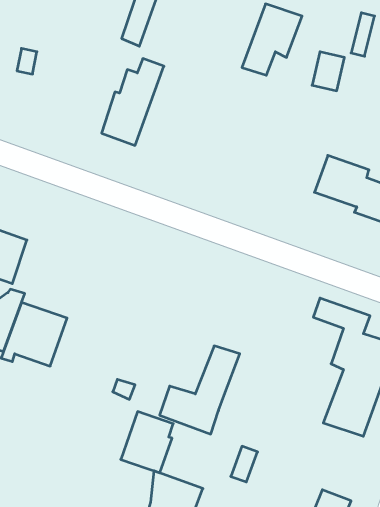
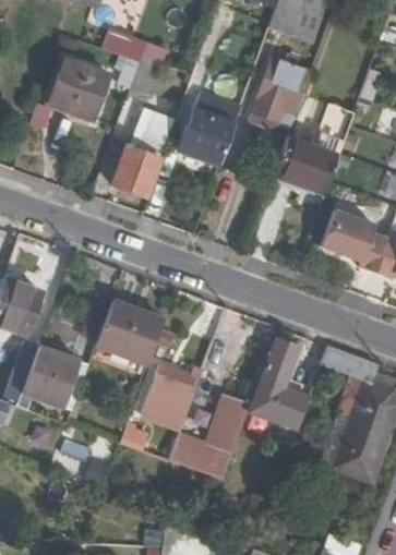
building: none -> [50,61,108,120]
building: none -> [179,91,241,162]
building: none -> [273,138,338,193]
building: none -> [95,302,164,364]
building: none -> [249,341,310,430]
building: [121,412,173,473] -> [142,366,193,426]

